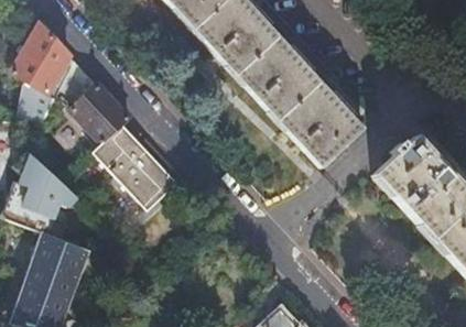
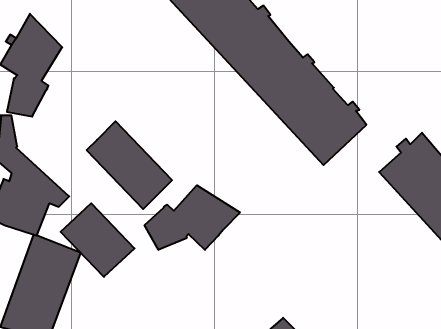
building: [56,57,130,142] -> none
building: none -> [145,185,240,250]
building: none -> [61,203,135,277]

